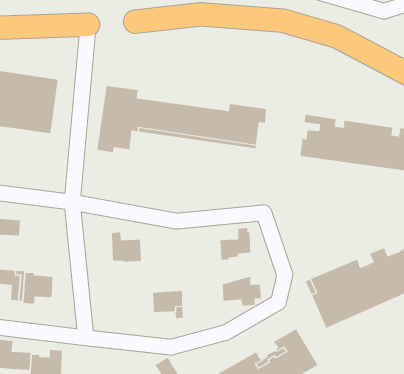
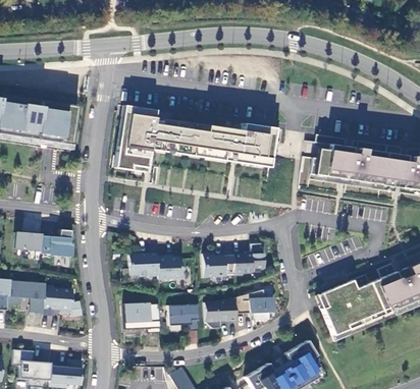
building: none -> [41,229,72,258]
building: none -> [204,253,235,277]
building: none -> [158,256,182,279]
building: none -> [206,298,238,328]
building: none -> [124,302,161,333]

